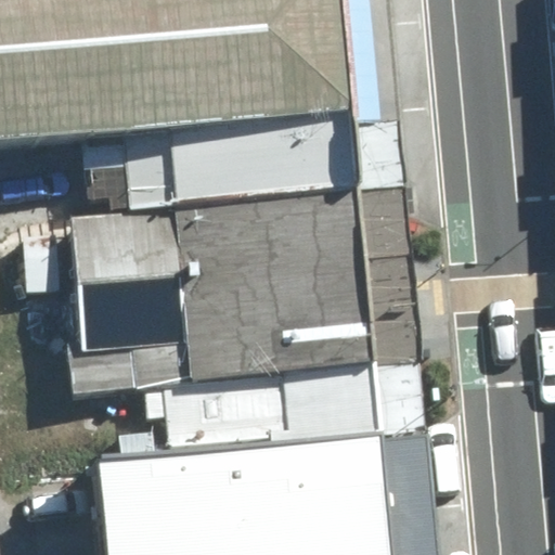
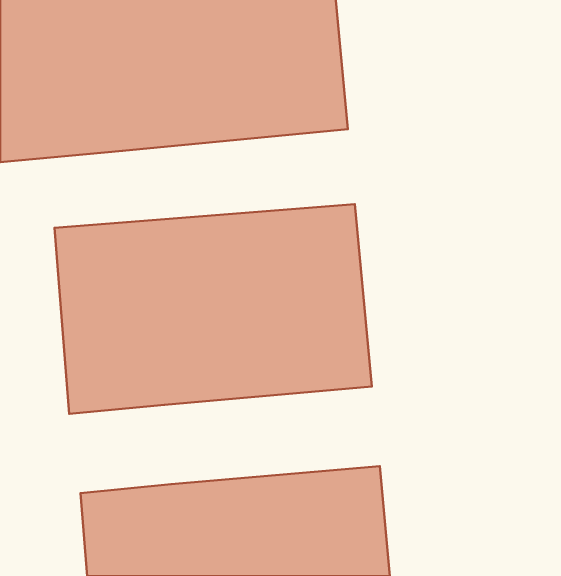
building: [134,124,357,212] -> none
building: [175,370,380,463] -> none

